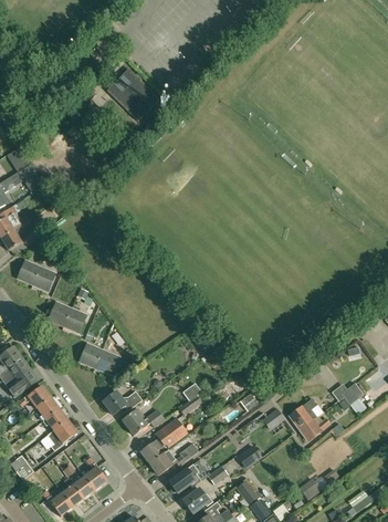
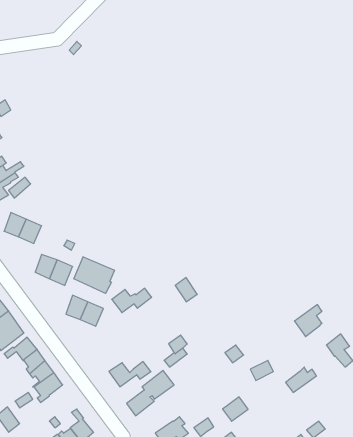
building: [107,67,159,121] -> none
building: none -> [74,257,114,293]
building: [103,390,143,415] -> [112,288,152,313]
building: [289,398,316,430] -> [294,305,322,337]
building: [149,442,199,476] -> none

